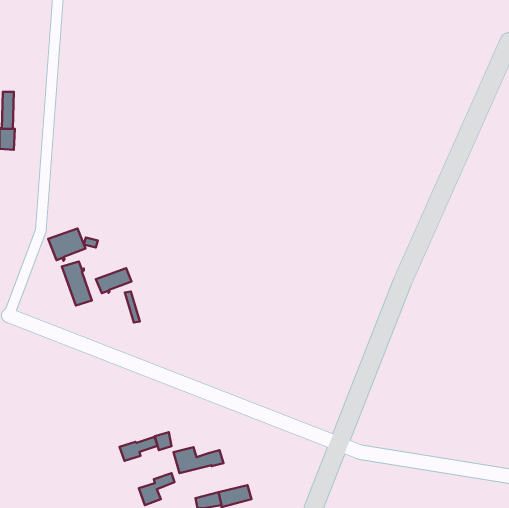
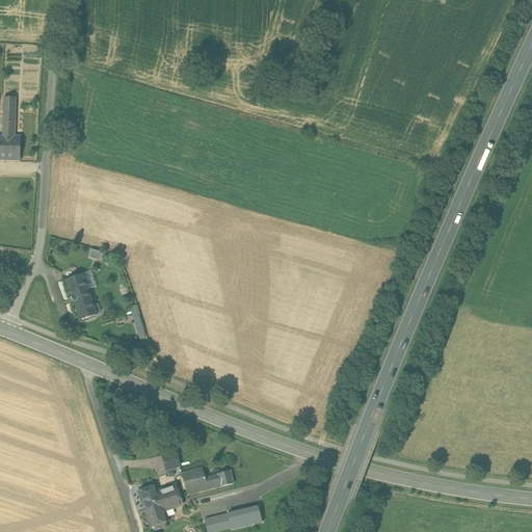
building: [48,228,85,261] -> none
building: [96,268,131,293] -> none
building: [120,437,157,461] -> [139,483,179,508]

